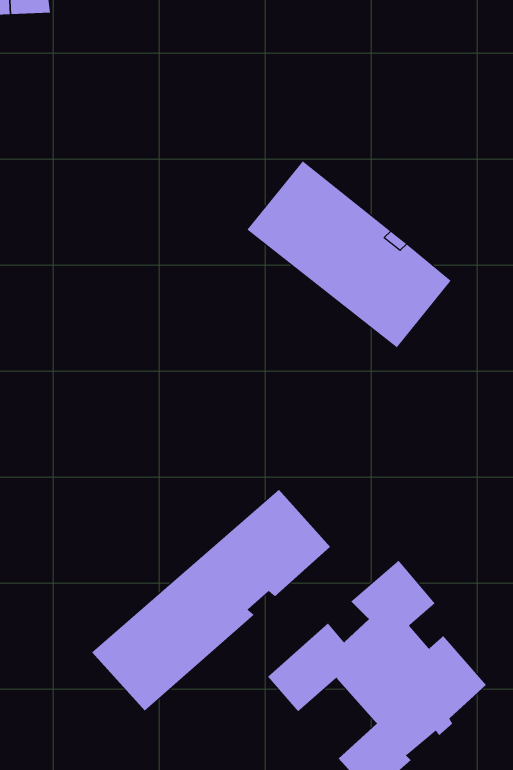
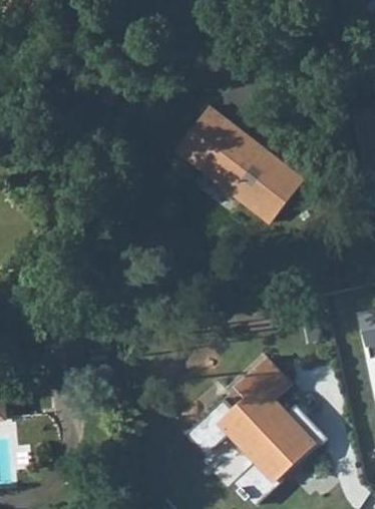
building: [91,489,331,712] -> none

